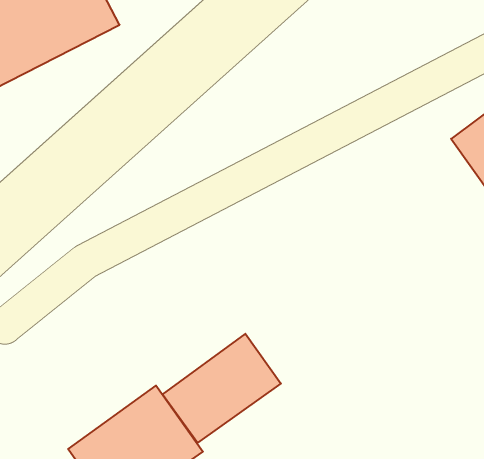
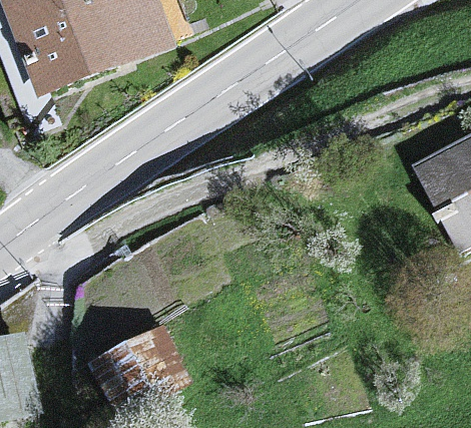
building: [162,334,281,443] -> none

